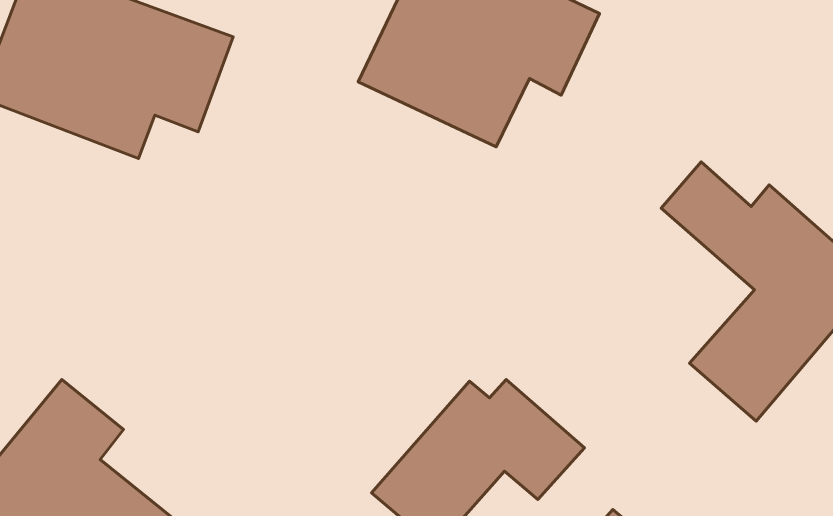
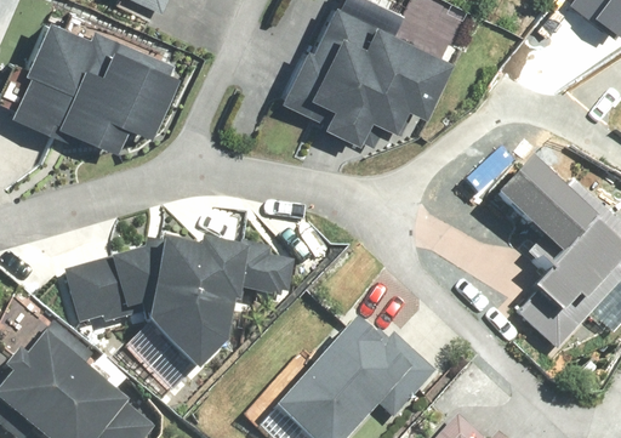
building: none -> [69,244,296,374]

